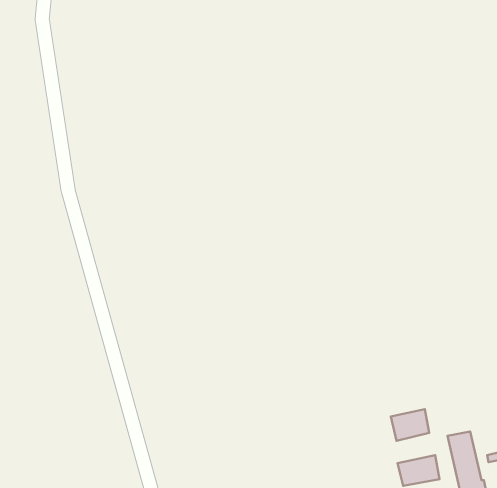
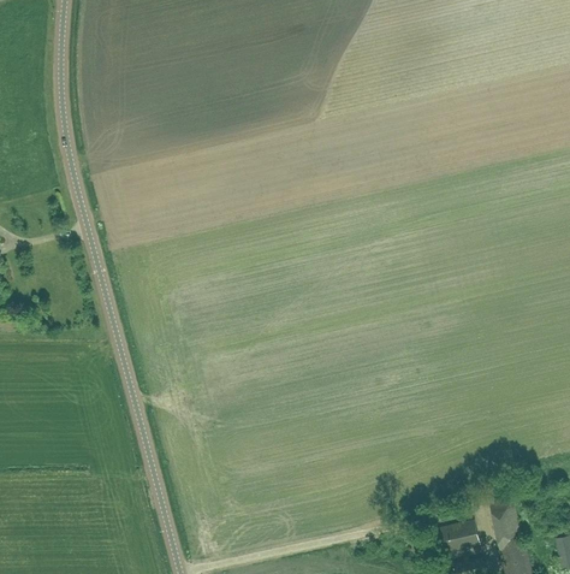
building: [391,409,429,441] -> none

